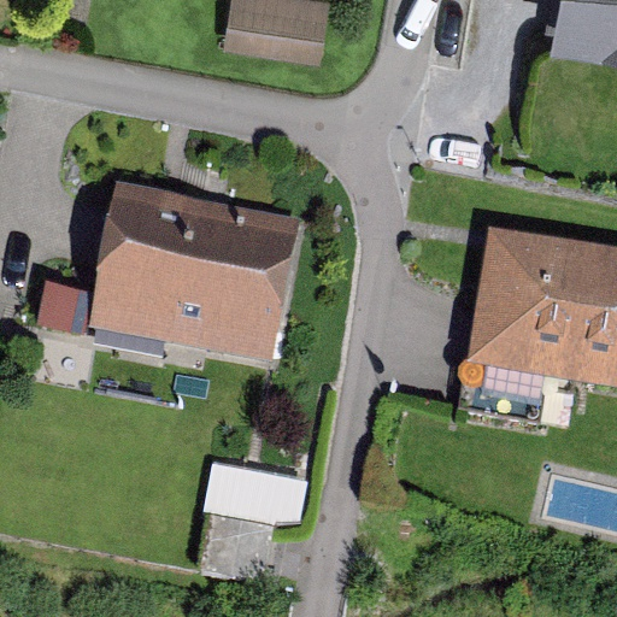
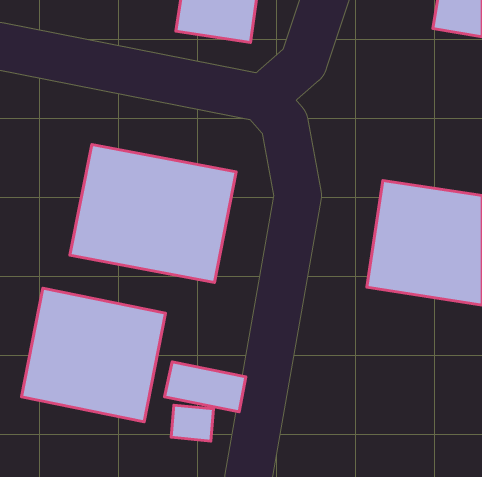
building: none -> [21,288,166,422]

